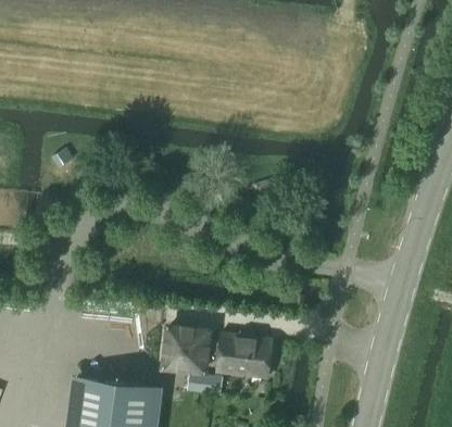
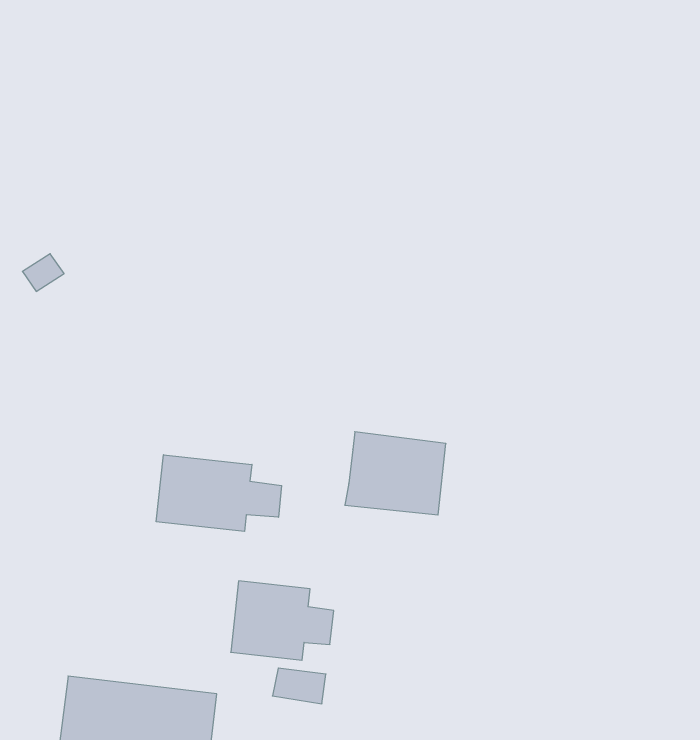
building: none -> [156,455,282,531]
building: [219,334,275,379] -> [345,432,446,515]

